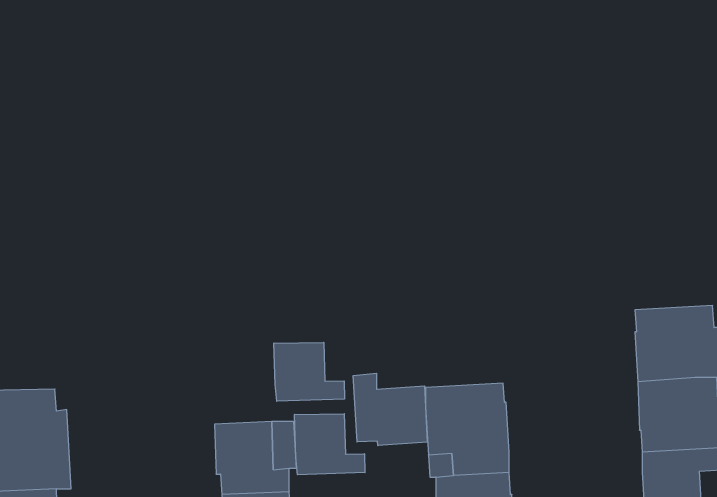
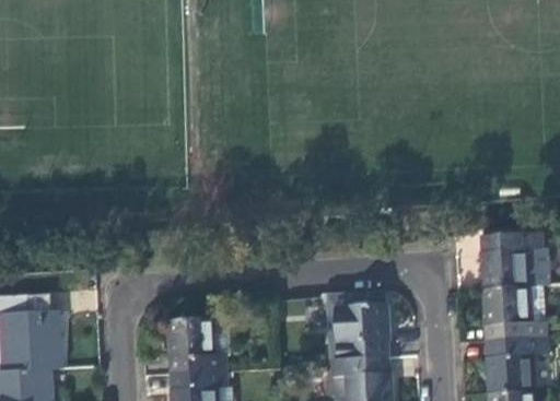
building: [274,342,344,401] -> none
building: [353,373,427,446] -> none
building: [295,414,365,475] -> none

